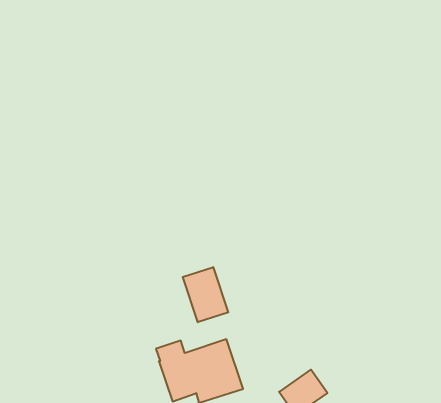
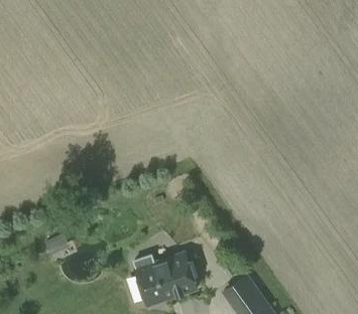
building: [183,267,228,322] -> none

